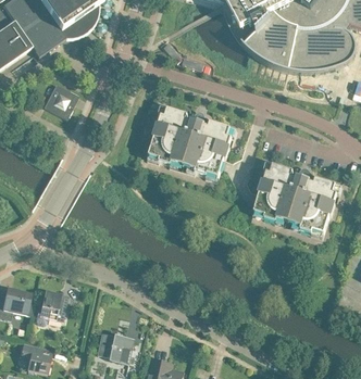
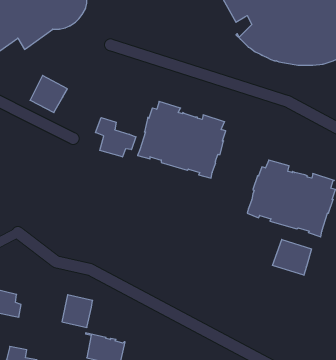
building: none -> [96,118,136,157]
building: none -> [273,239,311,275]
building: [39,288,69,319] -> [62,295,93,327]

